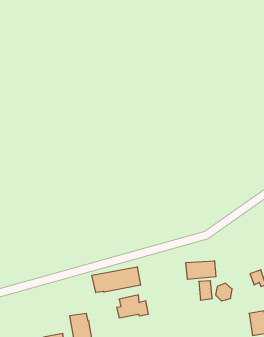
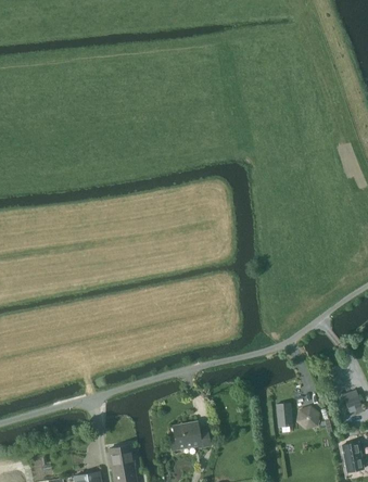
building: [186,261,216,279] -> none
building: [92,267,141,293] -> none

